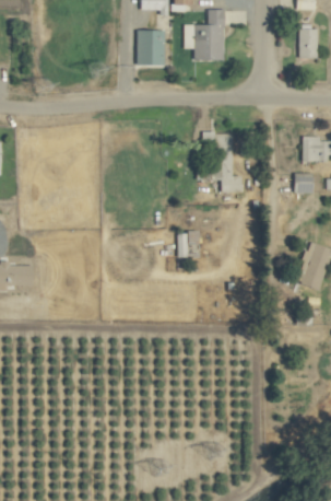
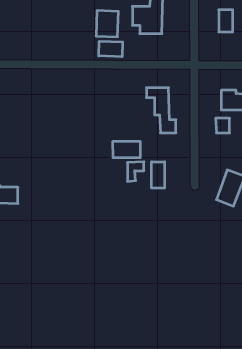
building: none -> [99,41,123,57]
building: none -> [113,141,140,158]
building: none -> [152,162,165,188]

